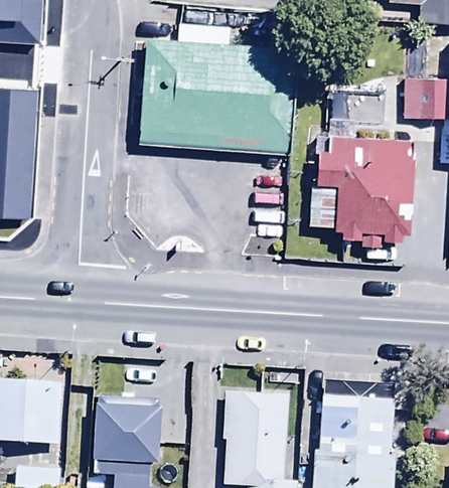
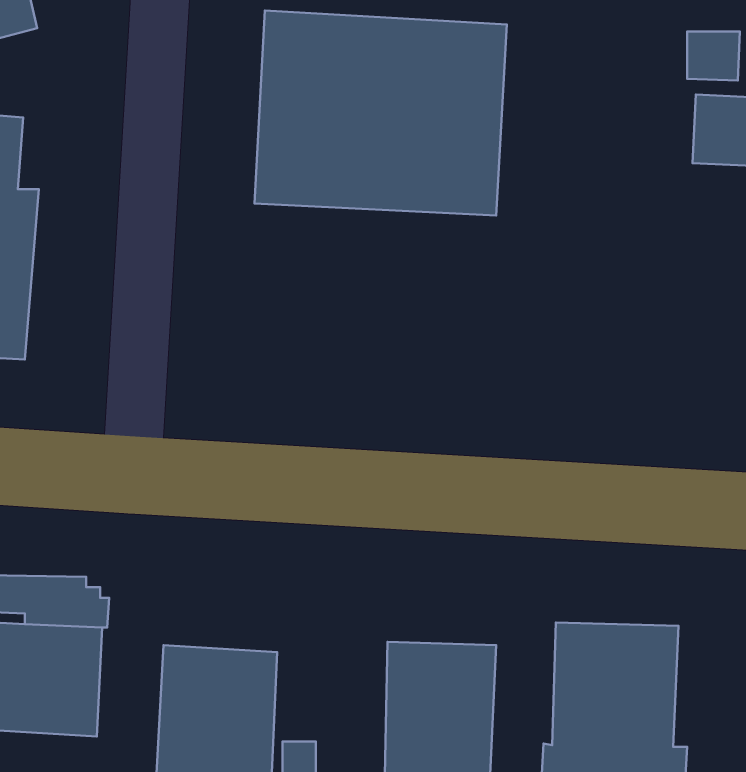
building: [309,89,413,255] -> none

